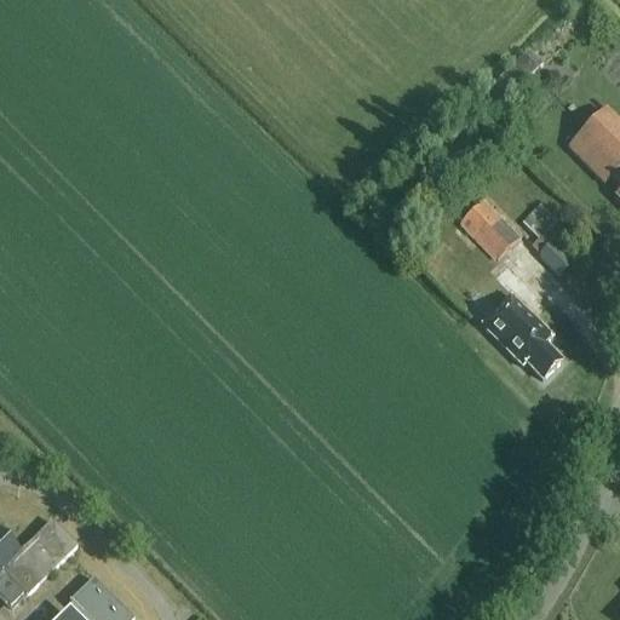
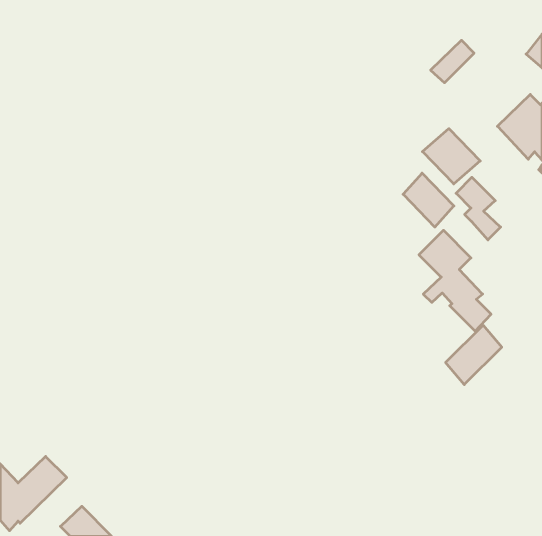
building: none -> [422,129,480,184]
building: none -> [446,325,502,385]

